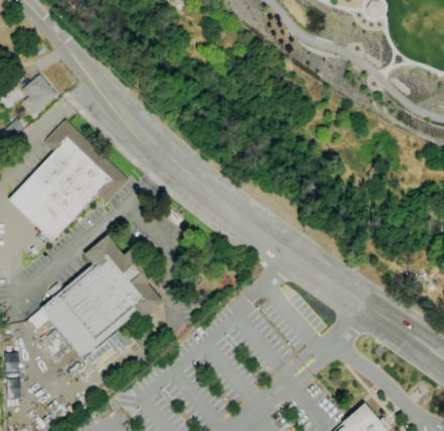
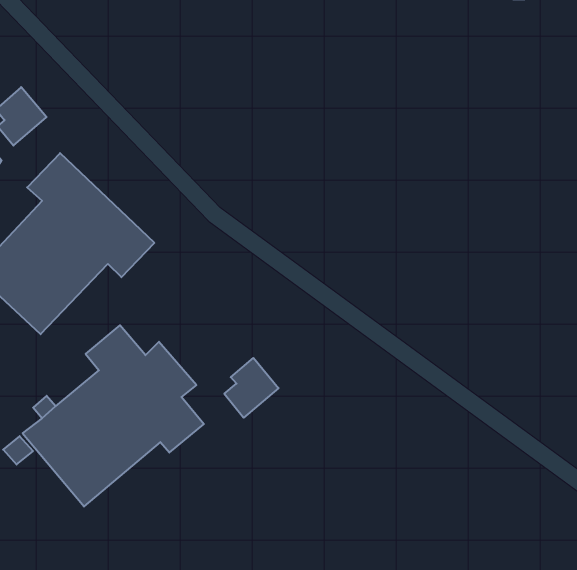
building: none -> [224,358,279,418]

